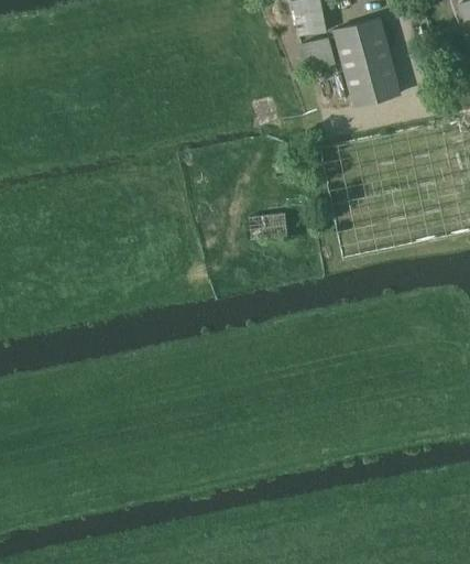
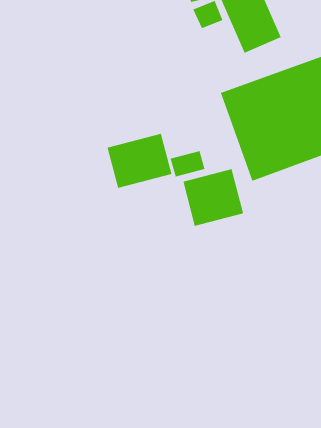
building: none -> [107,133,172,189]
building: none -> [182,168,244,227]

